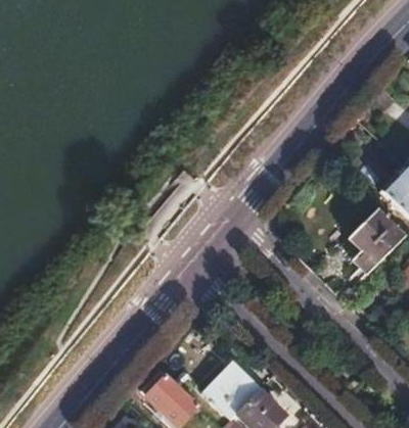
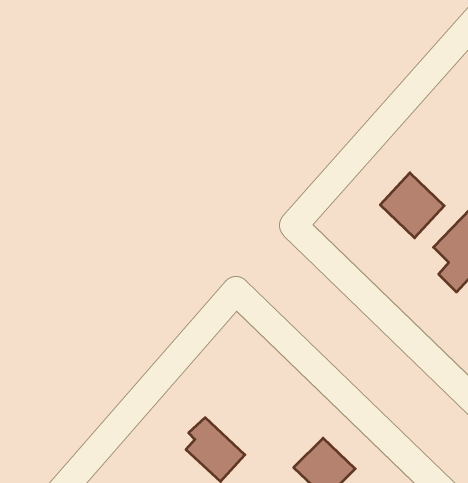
building: none -> [380,173,444,238]
building: [207,364,261,417] -> none

